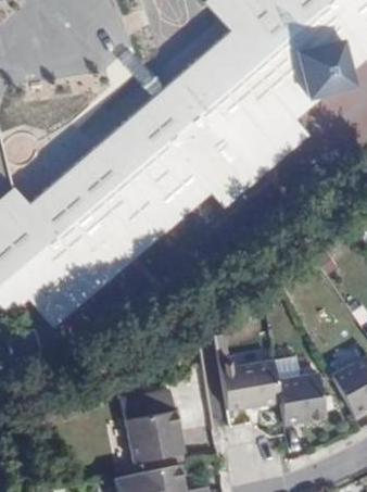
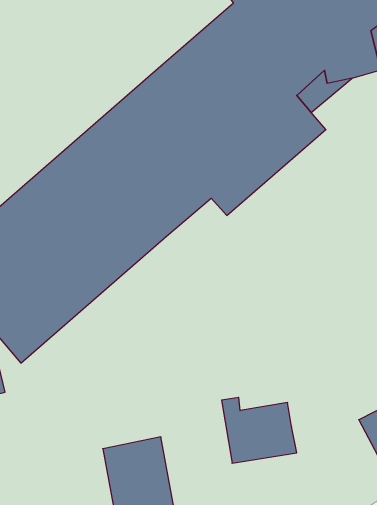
building: [277,374,327,422] -> none

